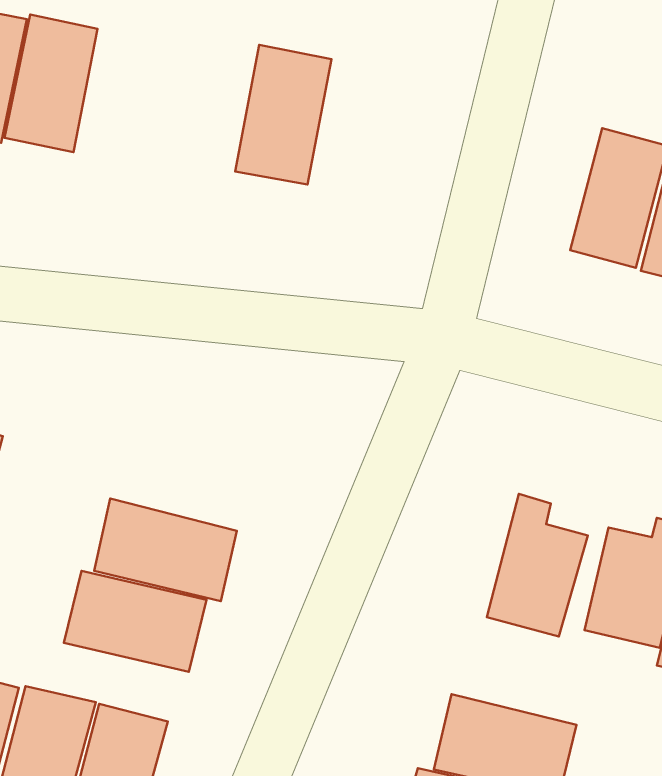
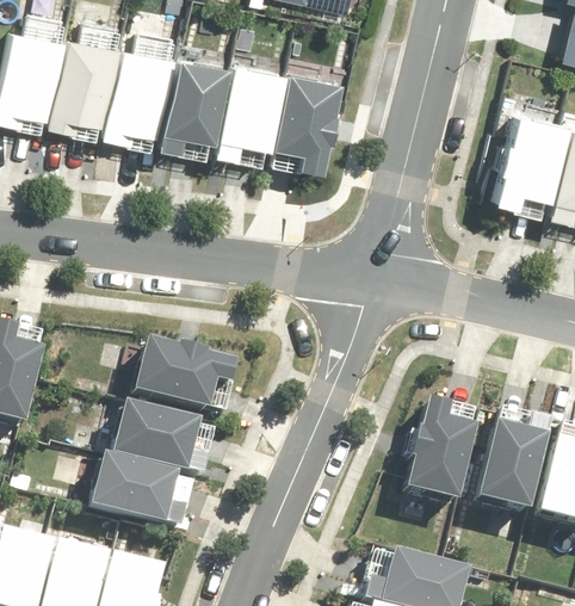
building: none -> [101,47,173,148]
building: none -> [162,51,235,156]
building: none -> [276,67,346,169]
building: none -> [138,335,241,409]

